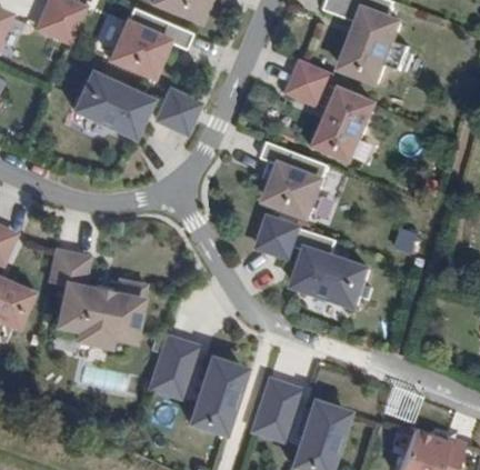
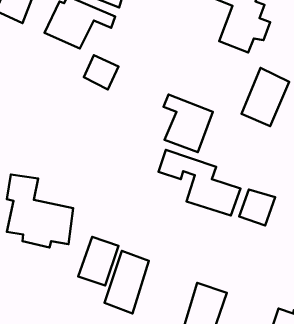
building: [286,60,334,106] -> none
building: [67,70,148,137] -> none
building: [312,83,377,162] -> [241,68,289,126]
building: none -> [239,190,275,225]
building: [249,378,301,442] -> none

